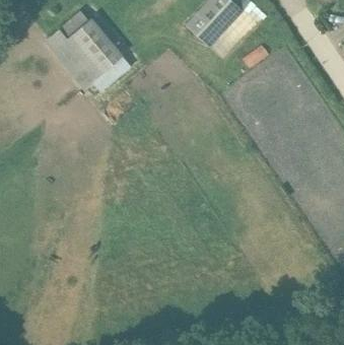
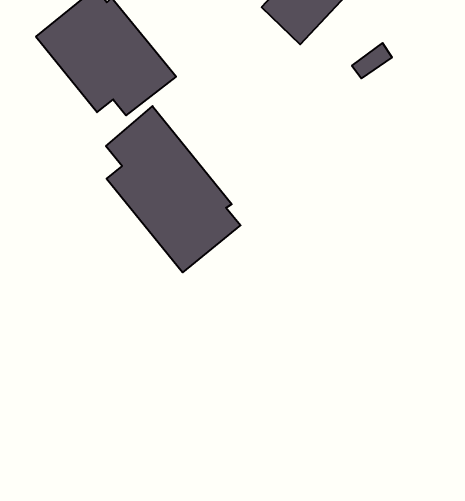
building: none -> [106,106,241,272]

